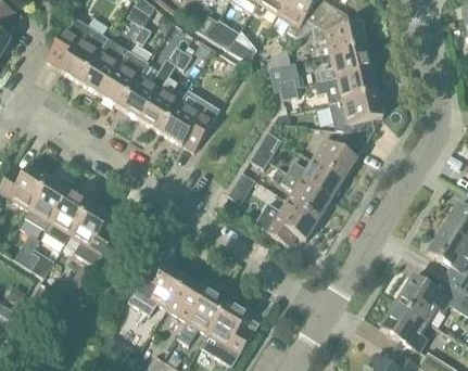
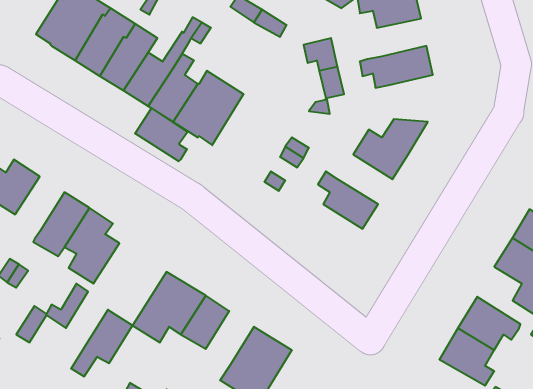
building: [319,46,370,79] -> none
building: [328,92,381,131] -> none
building: none -> [135,108,187,161]
building: [287,158,342,200] -> none
building: [24,177,69,229] -> none
building: [255,200,317,245] -> none
building: [176,289,227,344] -> [71,310,133,376]

